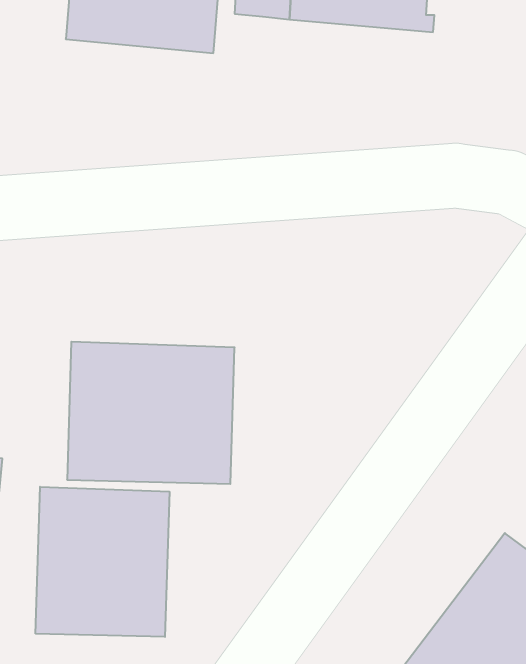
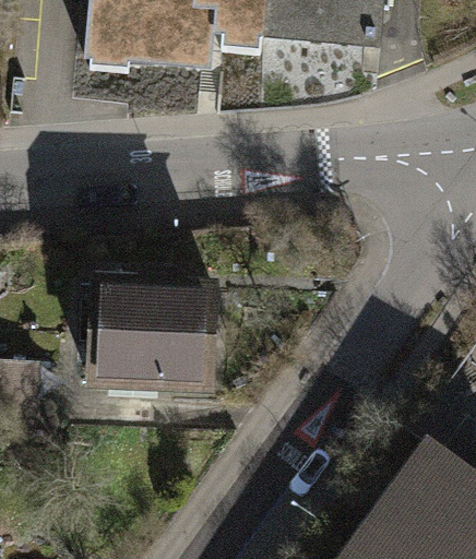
building: [36,487,169,637] -> none

